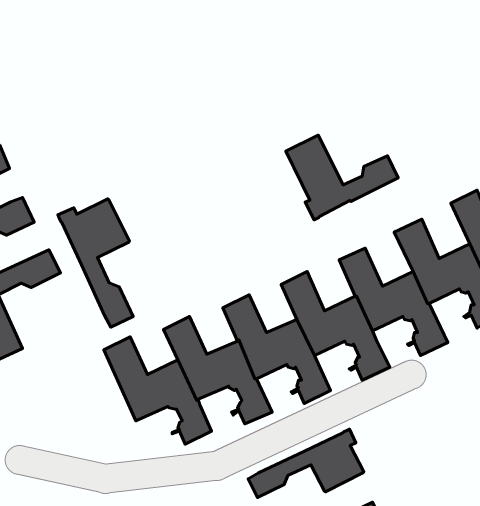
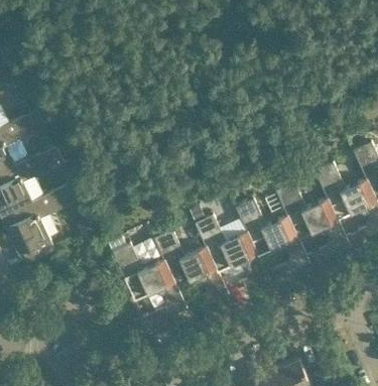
building: [286,135,398,220] -> none
building: [58,199,133,327] -> none
building: [248,429,364,498] -> none

